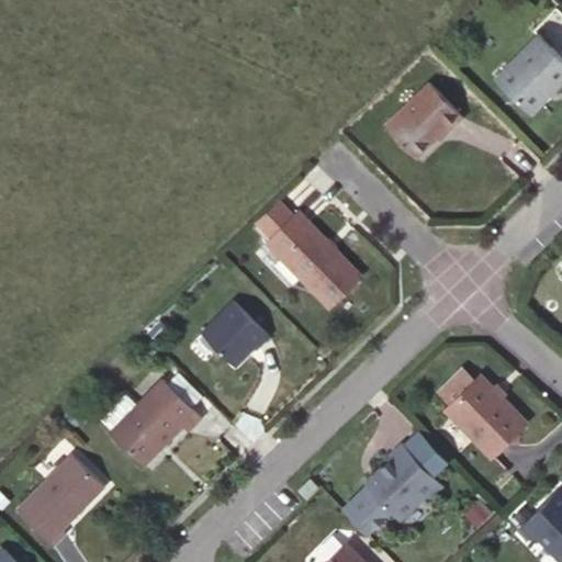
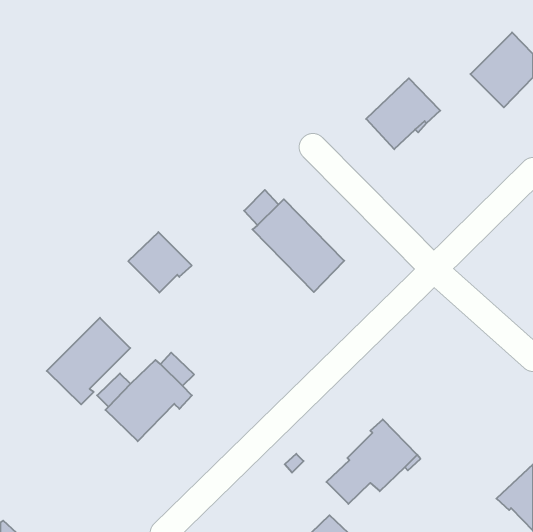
building: [202,302,269,366] -> [128,232,192,293]
building: [445,374,528,457] -> none
building: [16,454,104,546] -> [47,318,130,404]

